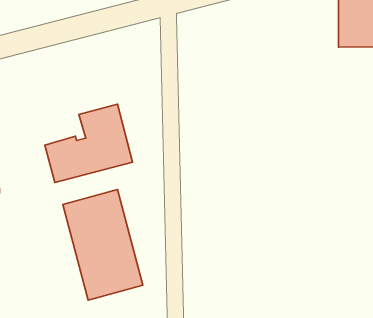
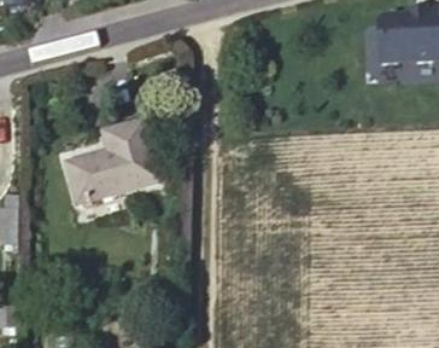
building: [63,190,143,300] -> none

